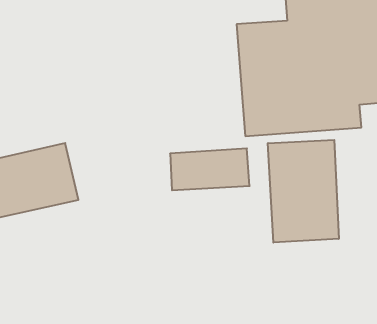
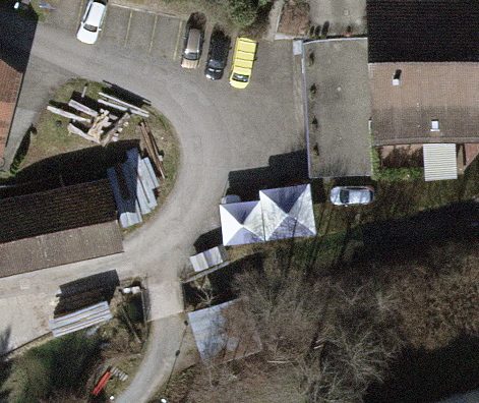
building: [268,140,339,243] -> none

